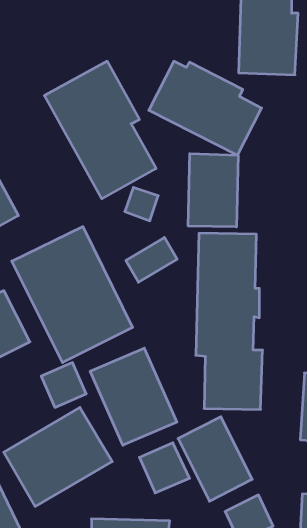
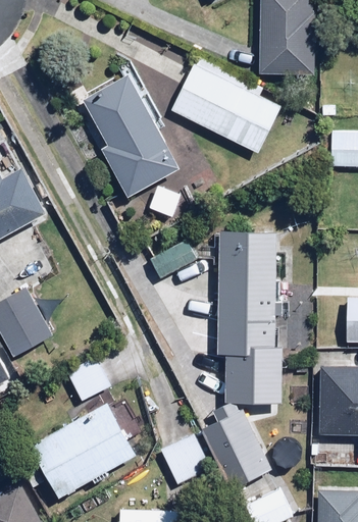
building: [188,154,238,227] -> none
building: [12,227,133,363] -> none
building: [90,348,177,445] -> none

